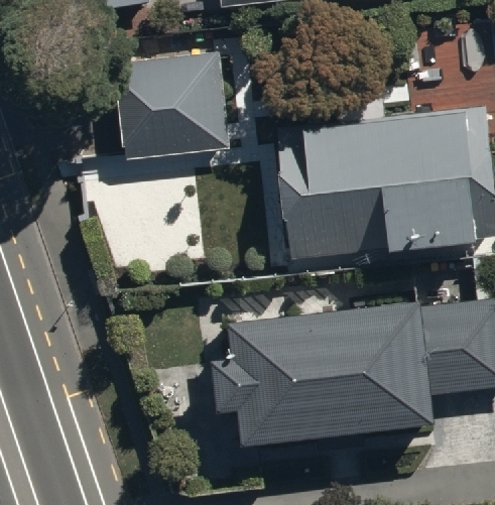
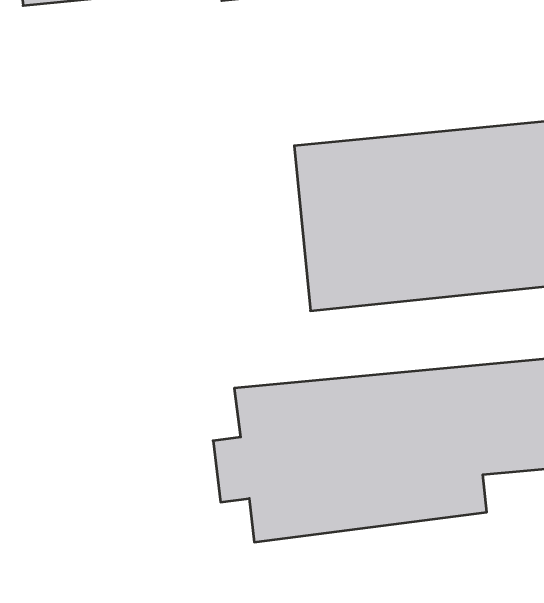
building: [118,50,230,158] -> none

